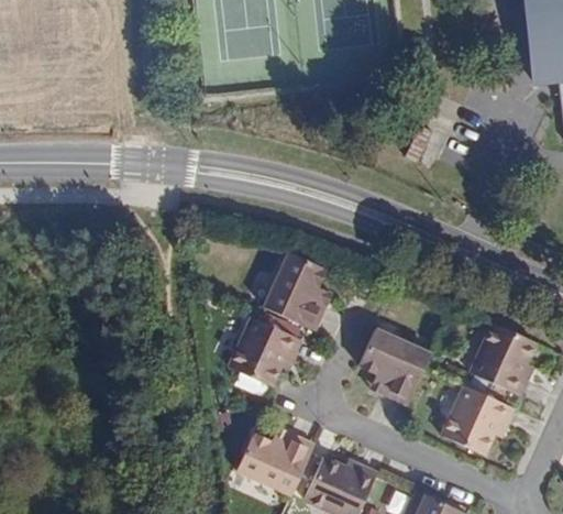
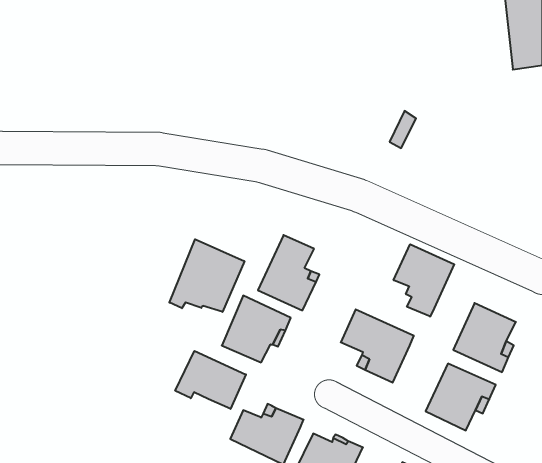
building: none -> [169,239,244,312]
building: none -> [394,244,454,317]
building: none -> [175,351,246,409]

